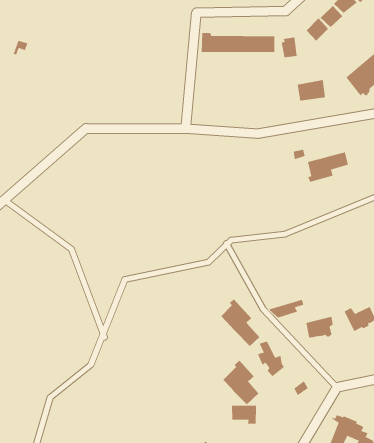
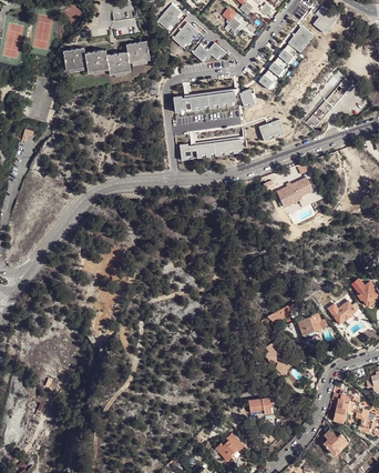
building: none -> [178,139,242,161]
building: [220,298,260,347] -> none
building: [223,360,259,405] -> none

